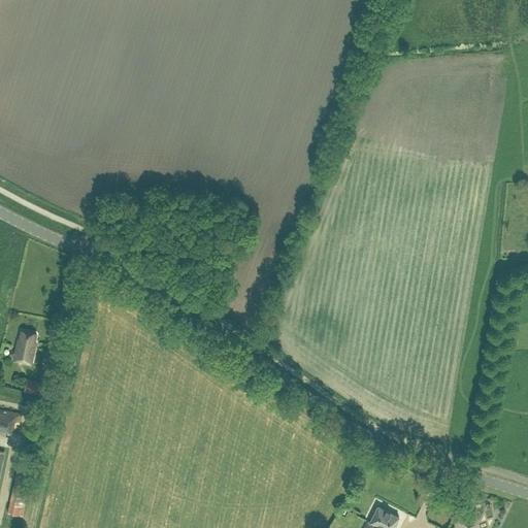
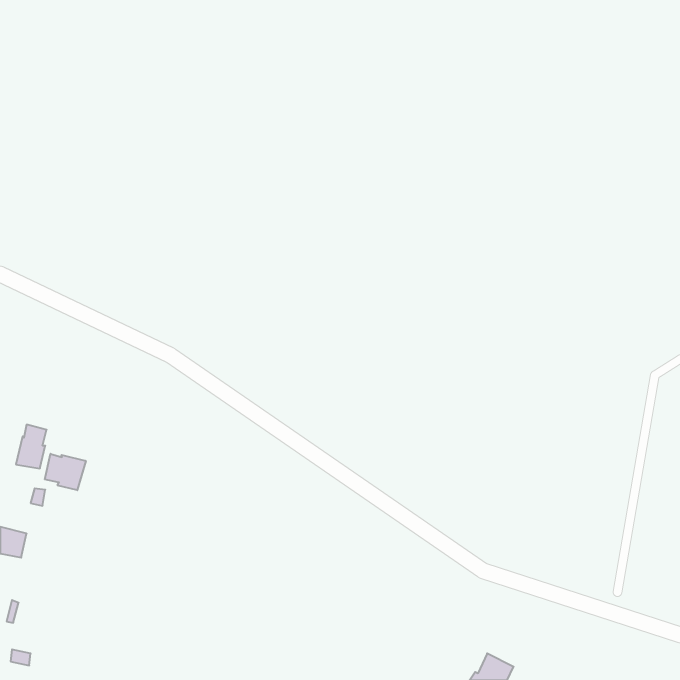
building: none -> [45,454,86,490]

